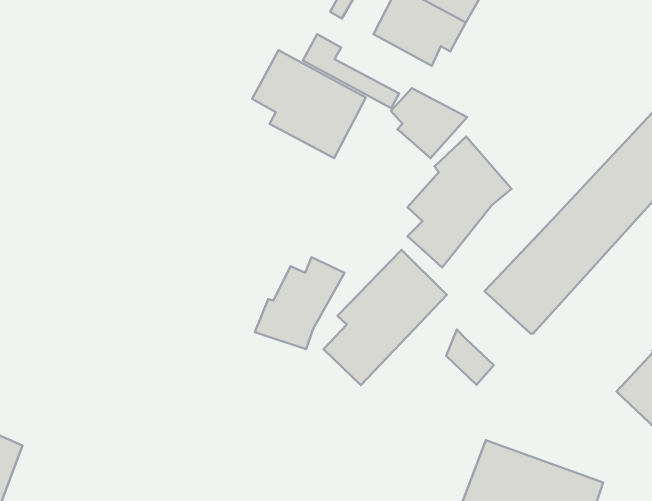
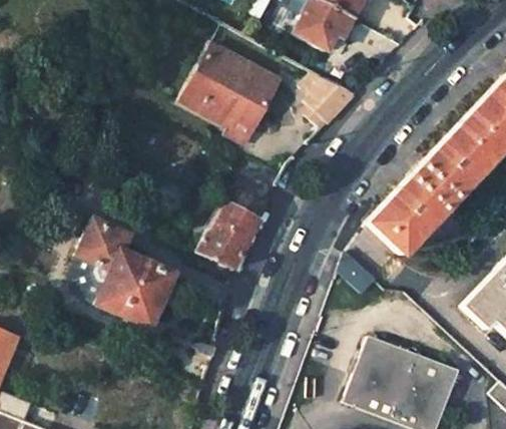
building: [303,34,399,108] -> [181,77,255,133]
building: [407,136,511,267] -> none
building: [323,250,447,385] -> none
building: none -> [64,221,171,332]

